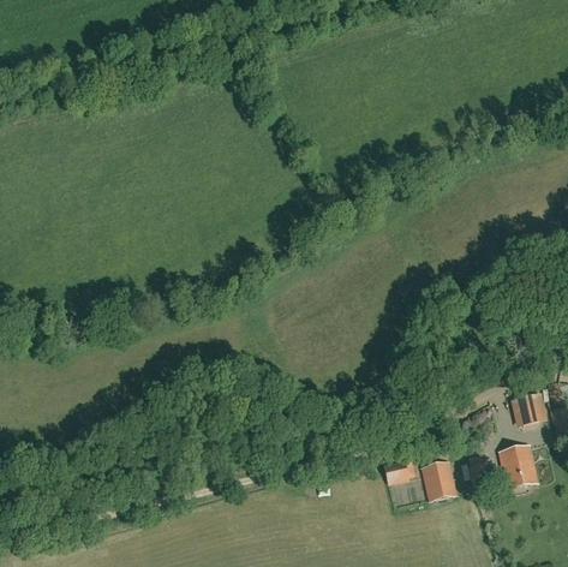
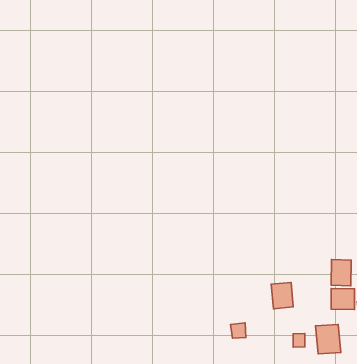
building: none -> [331,260,351,286]
building: [421,461,455,500] -> [271,282,293,309]

